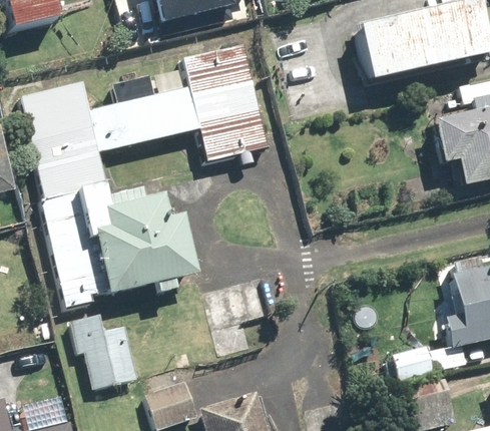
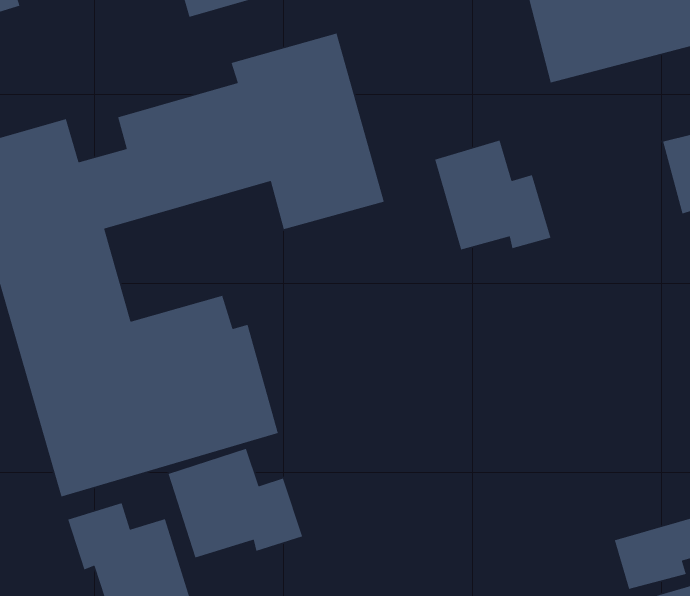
building: none -> [434,140,551,251]
building: none -> [168,448,303,559]

